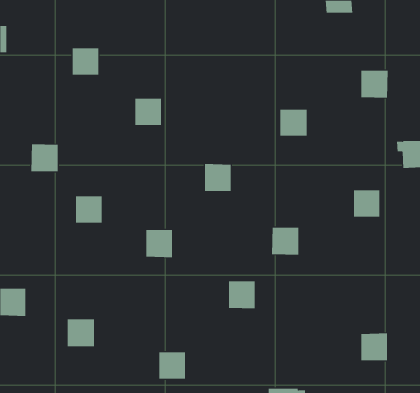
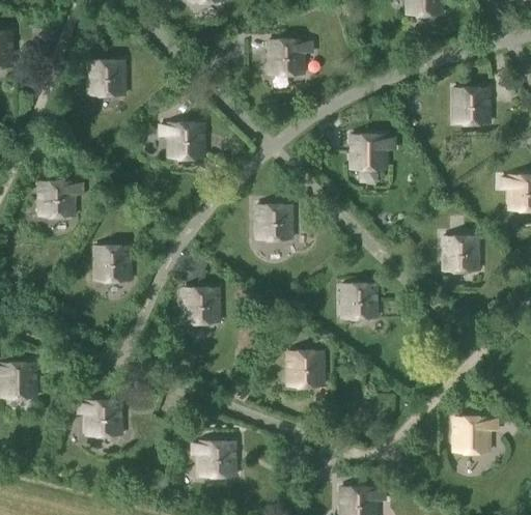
building: none -> [271,40,305,76]

